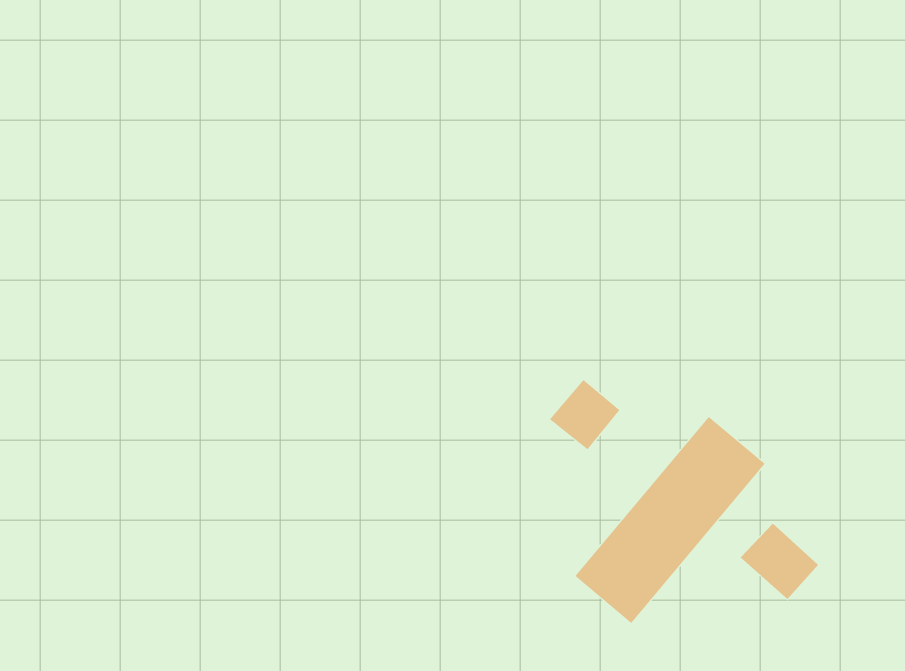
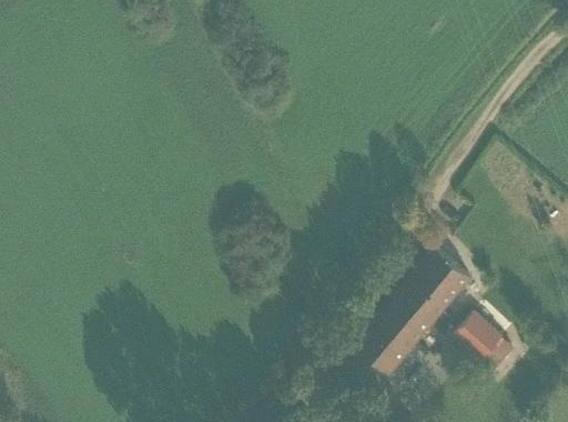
building: [549,379,620,450] -> none

